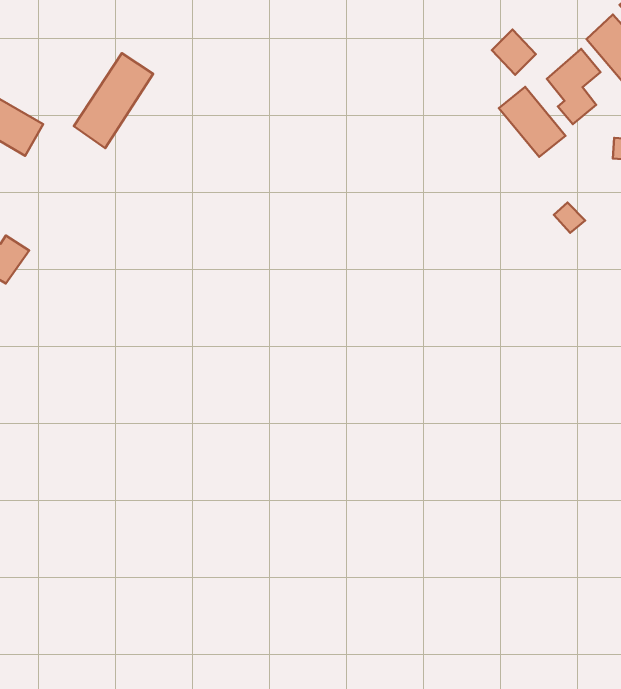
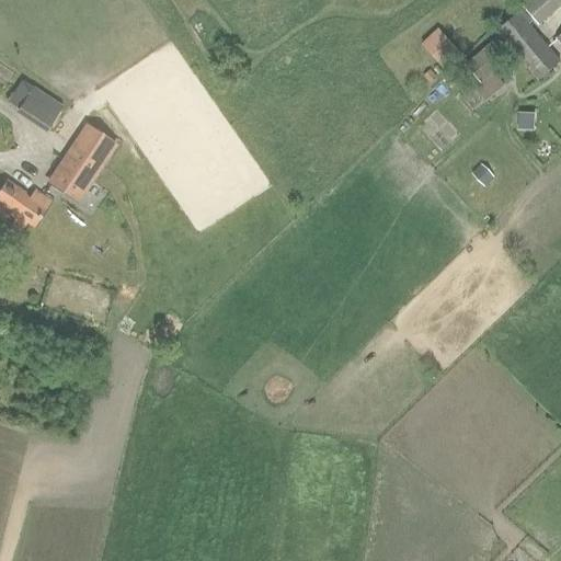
building: [74,53,153,148] -> [51,125,115,201]
building: [499,87,565,157] -> none

